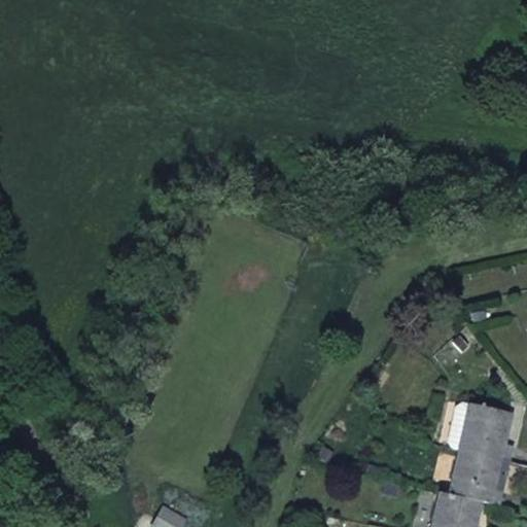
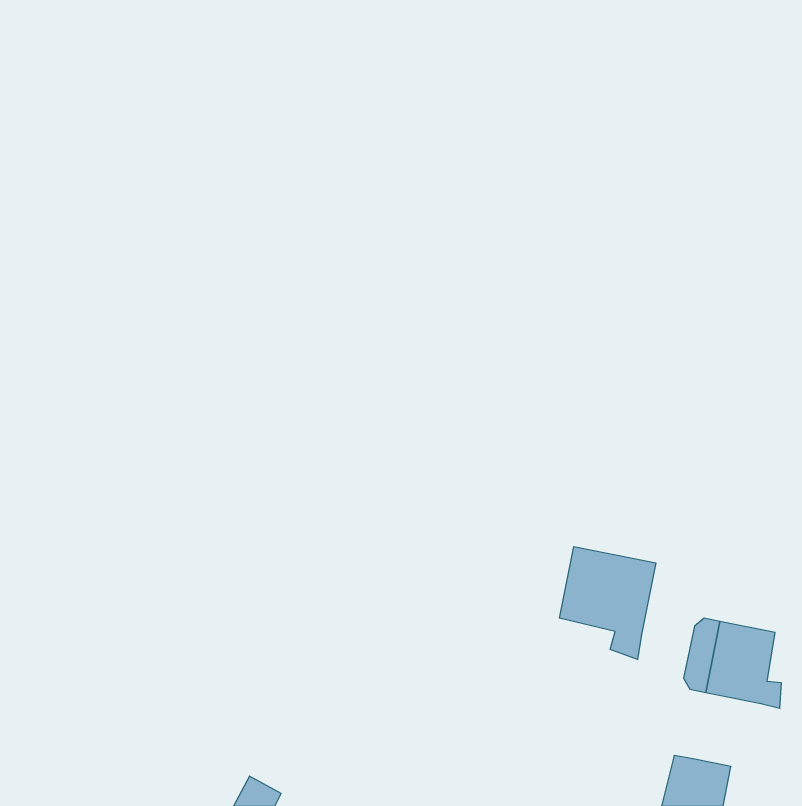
building: none -> [560,547,656,659]
building: [455,452,502,505] -> none

